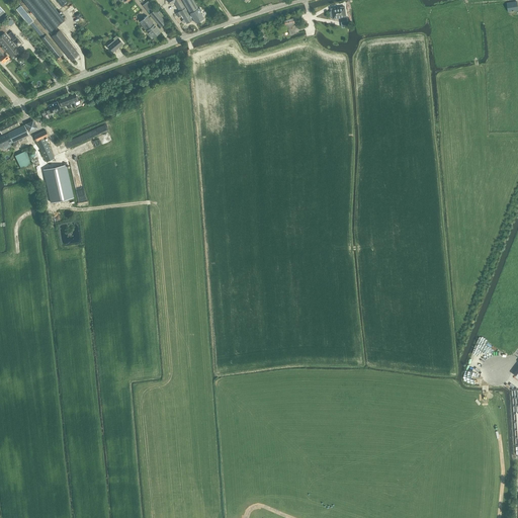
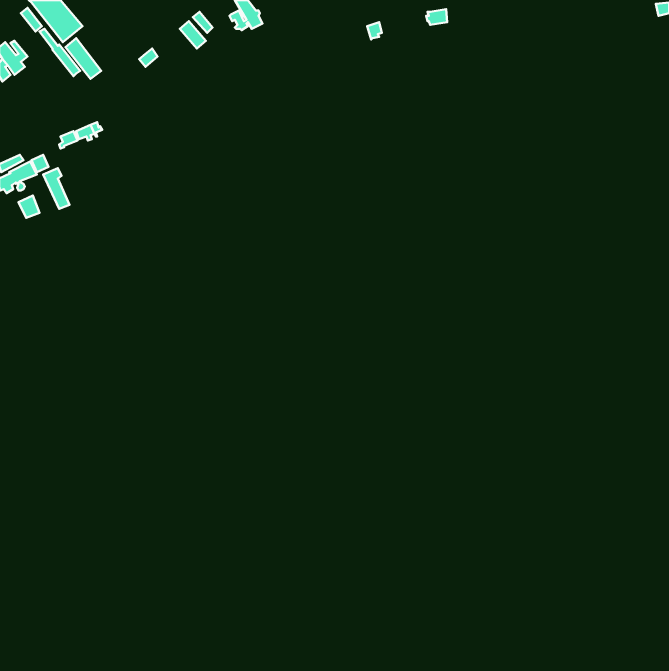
building: [42,164,73,202] -> none

